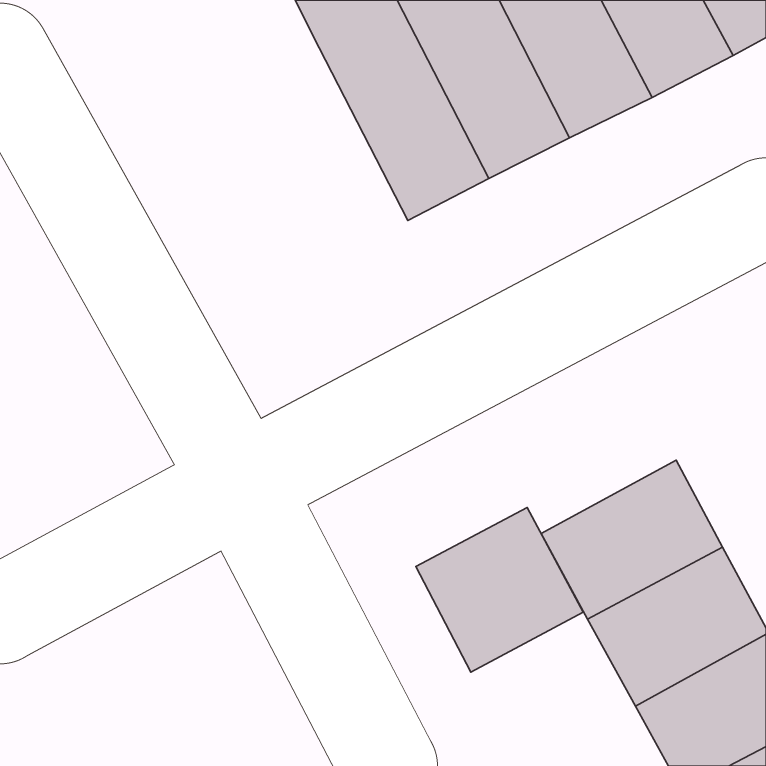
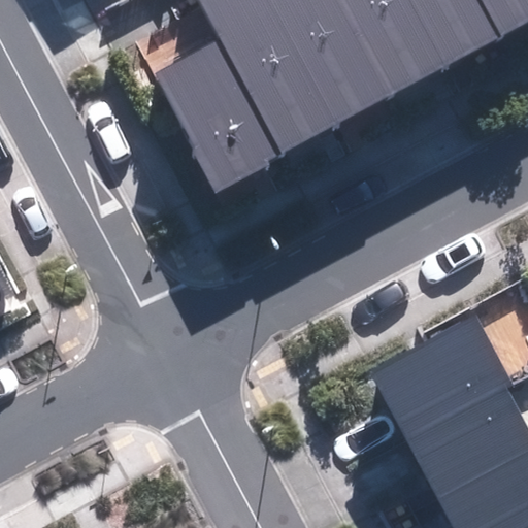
building: none -> [156,33,280,184]
building: [416,508,583,672] -> none

